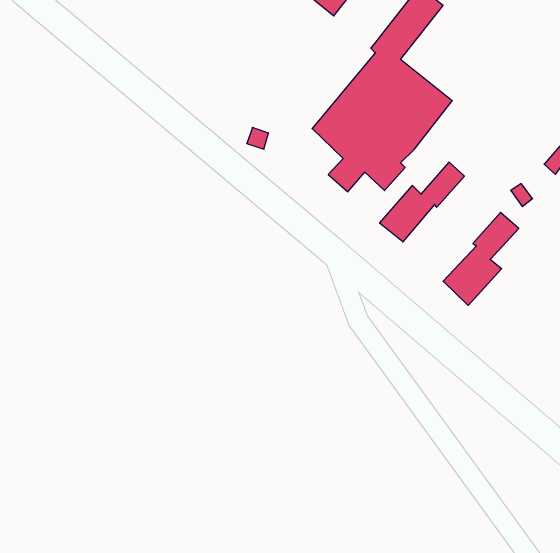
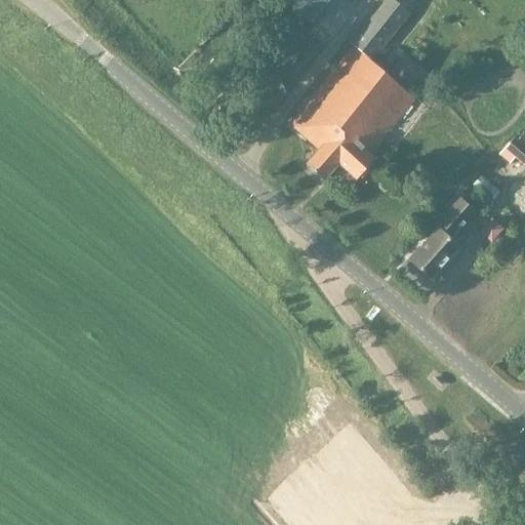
building: [380,162,464,242] -> none

